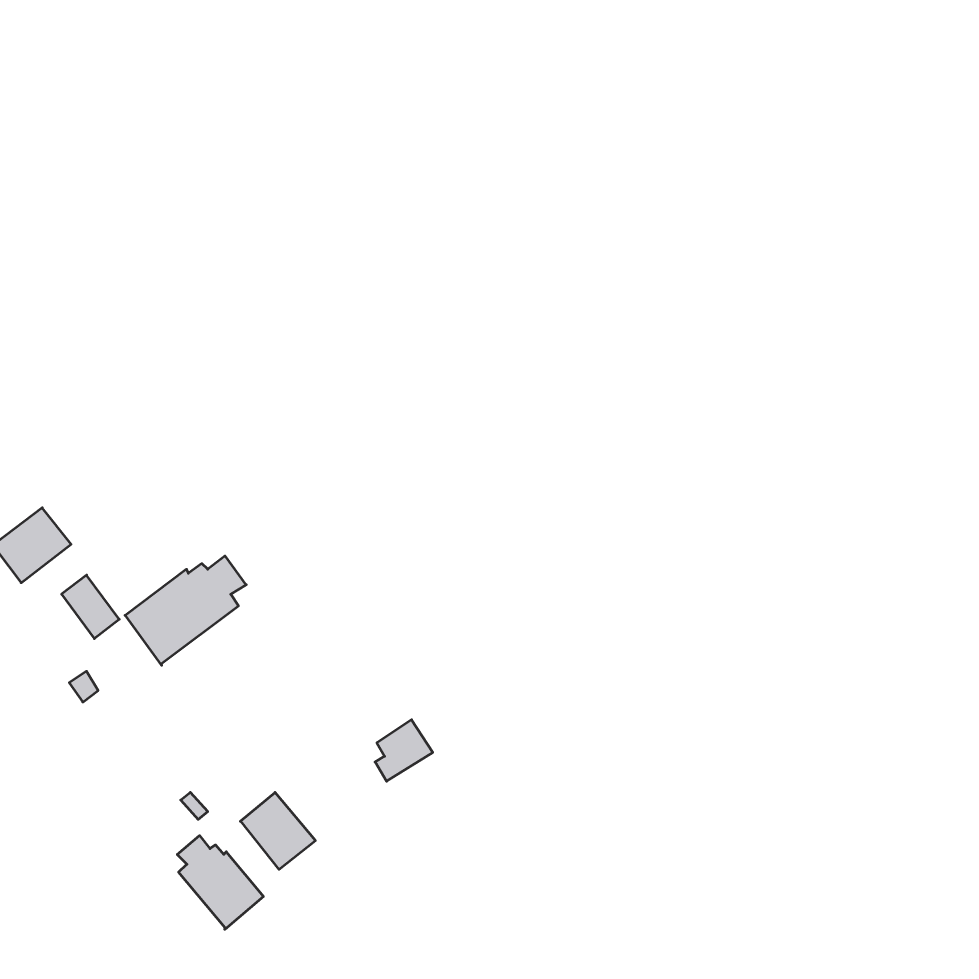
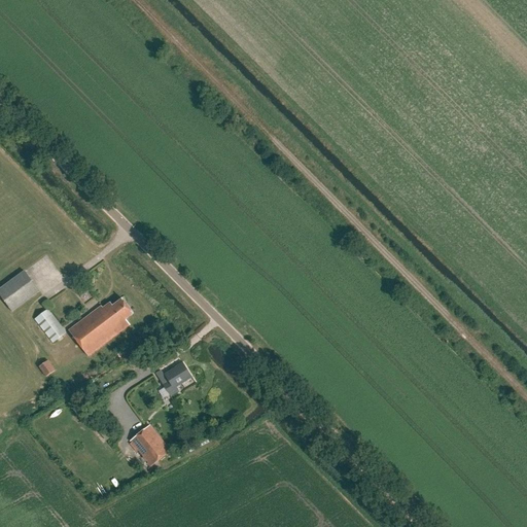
building: [375,720,433,781] -> [162,361,192,394]
building: [177,836,263,929] -> none

